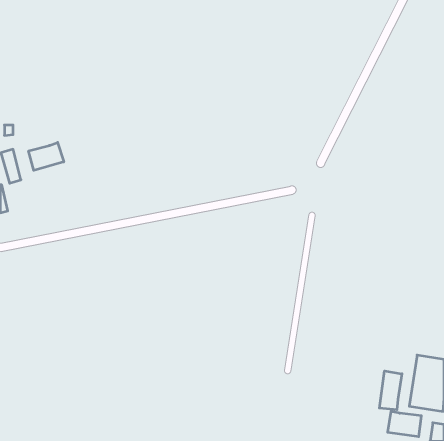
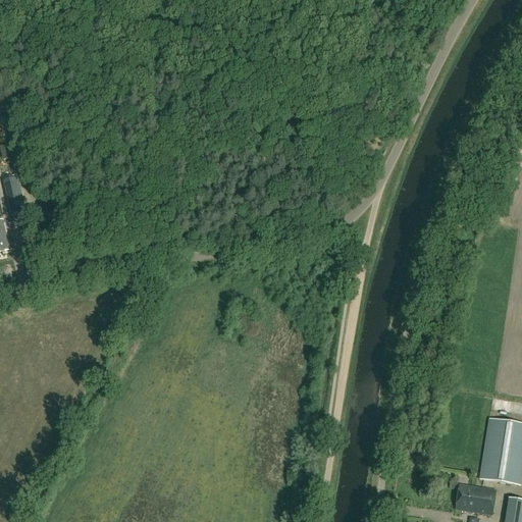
building: [29,142,64,170] -> none
building: [379,371,402,410] -> none

